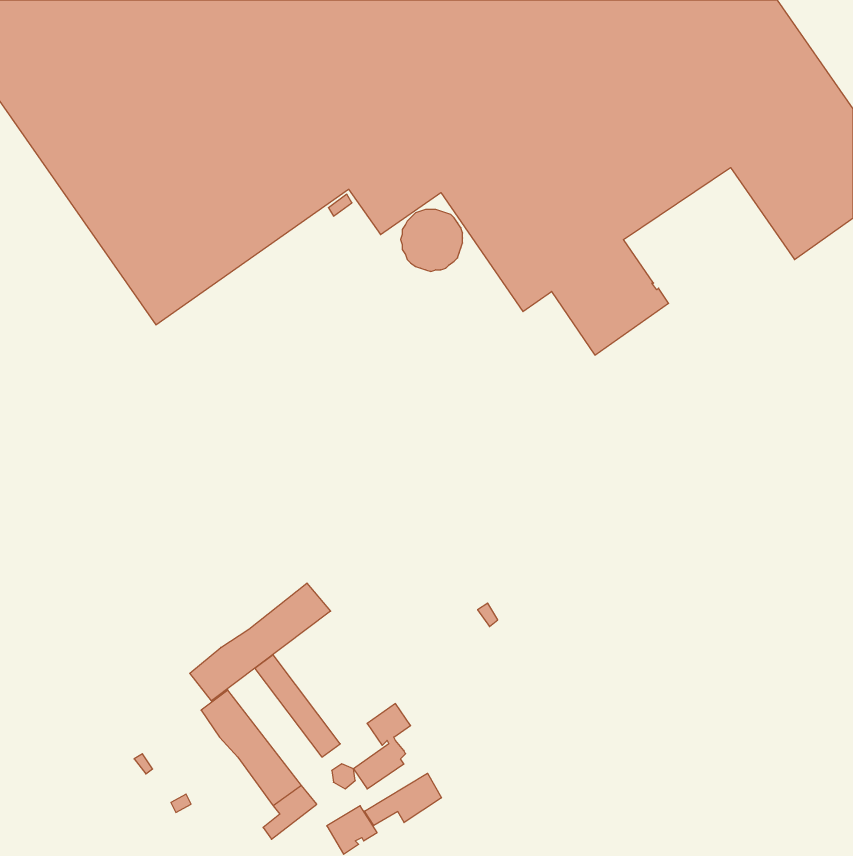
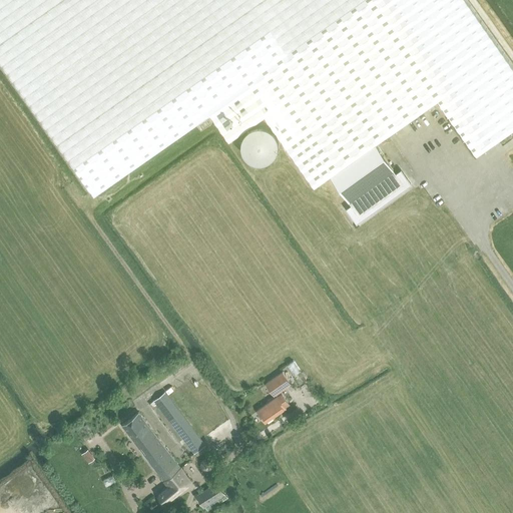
building: [190,583,331,701] -> none
building: [354,704,411,789] -> [255,371,290,422]
building: [364,773,441,825] -> none

